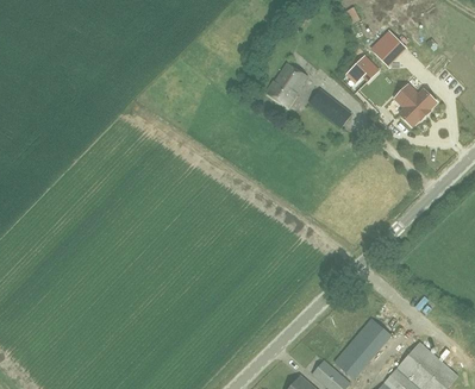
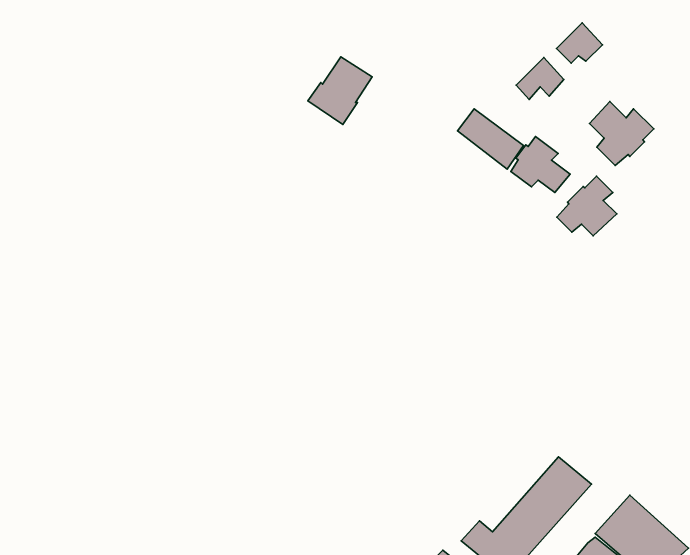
building: [264,63,306,107] -> [308,57,372,125]
building: none -> [511,137,570,193]
building: none -> [557,176,617,236]

